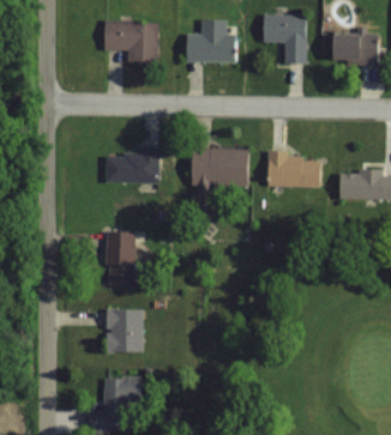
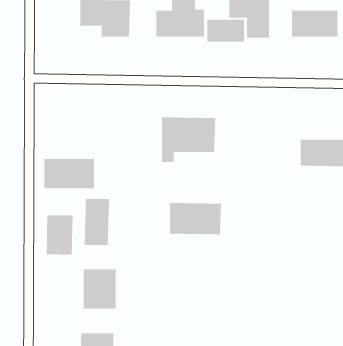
building: none -> [207,19,245,43]
building: [106,151,161,183] -> [43,159,95,189]
building: [266,153,323,188] -> [169,202,222,235]
building: none -> [46,214,73,255]

